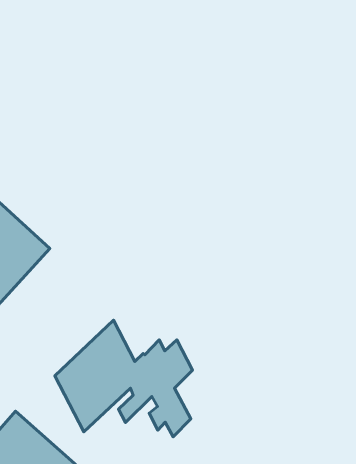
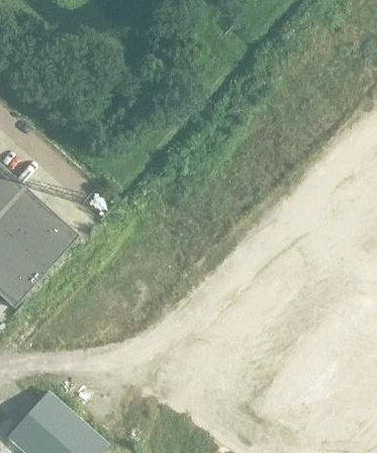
building: [55,320,192,437] -> none

